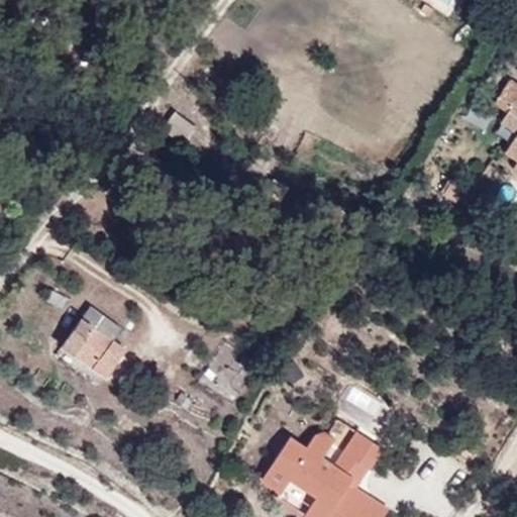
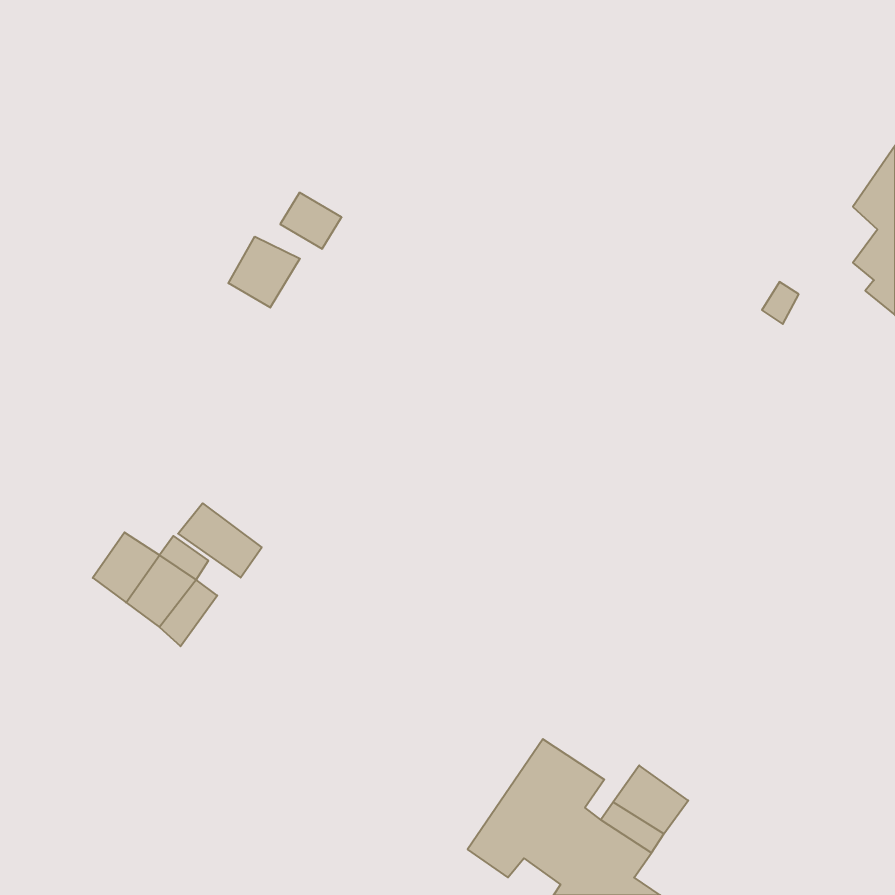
building: none -> [228,237,300,308]
building: none -> [178,503,262,578]

